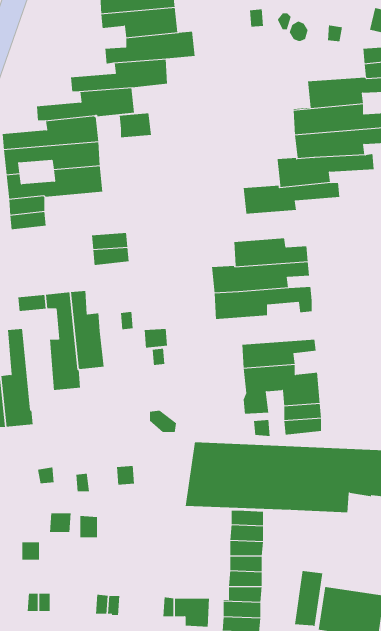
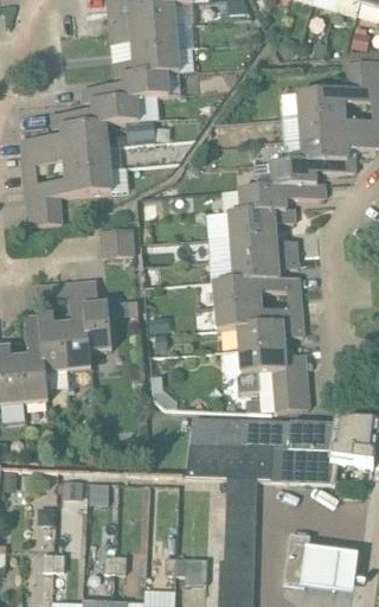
building: none -> [226,207,294,236]
building: none -> [212,299,302,328]
building: none -> [39,313,69,388]

